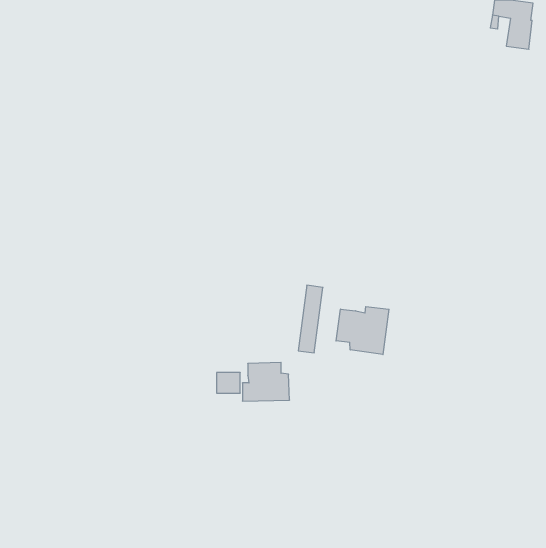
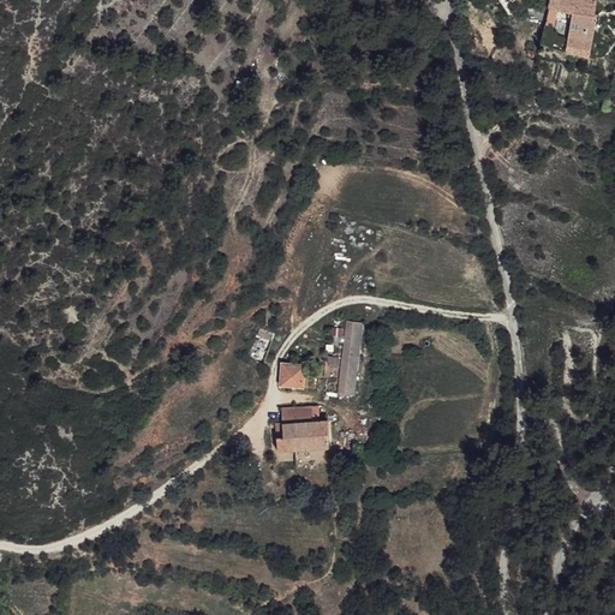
building: [336,307,389,355] -> none
building: [217,373,240,393] -> [277,365,304,388]

